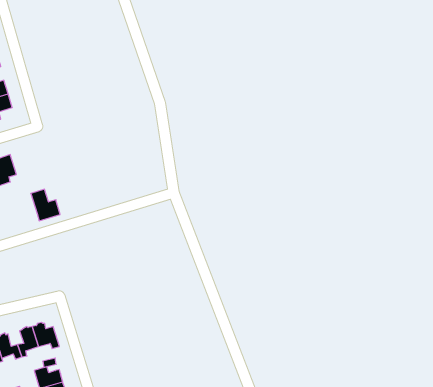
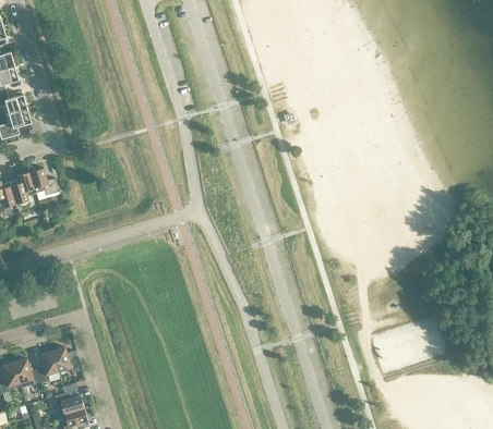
building: [31,189,60,221] -> [28,167,59,199]

